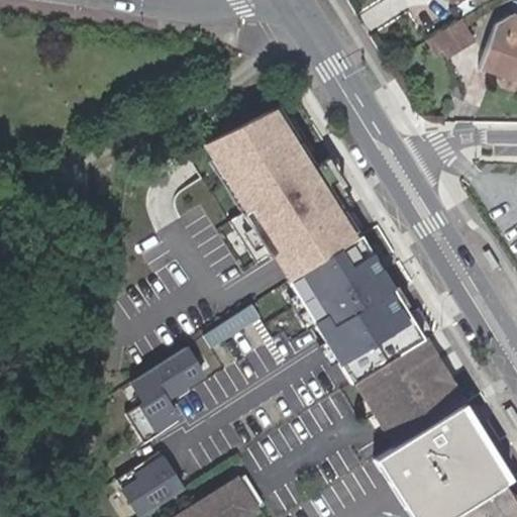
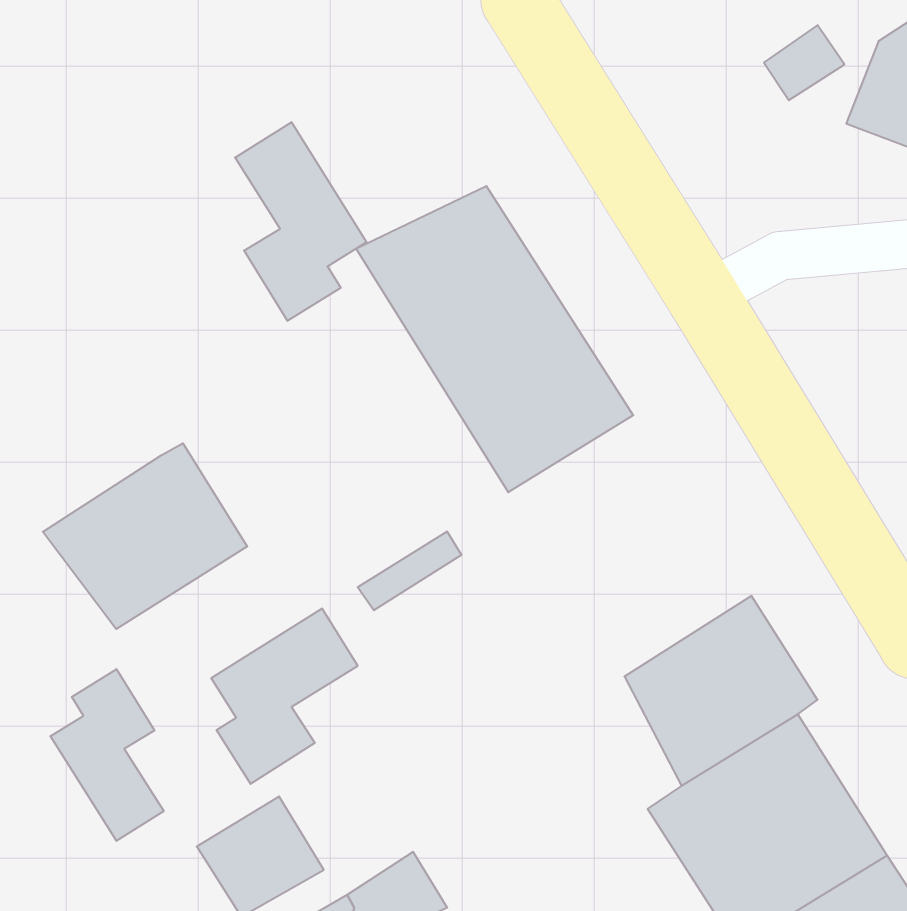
building: none -> [235,122,367,321]
building: [291,236,428,384] -> none
building: none -> [43,443,247,629]
building: none -> [50,669,164,841]

